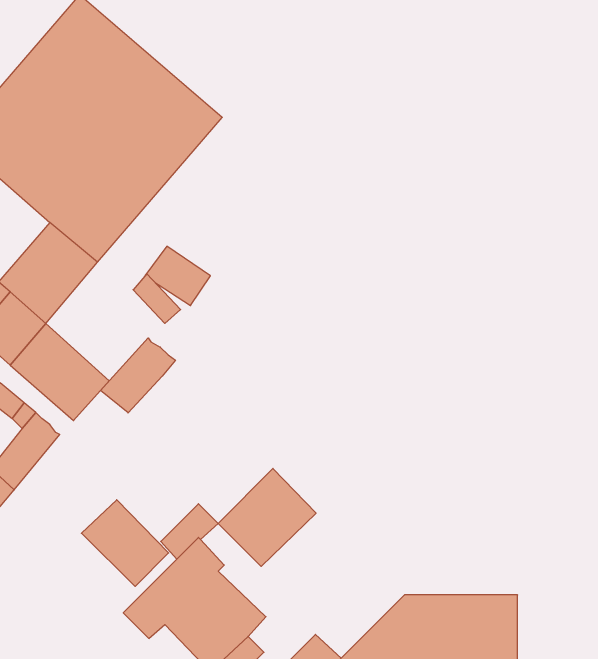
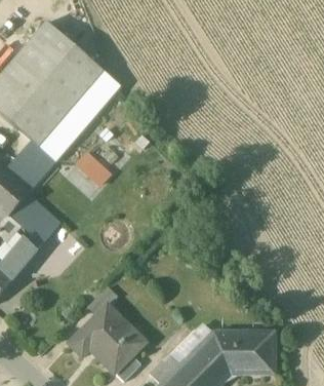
building: [101,338,175,413] -> none
building: [218,468,316,566] -> none
building: [81,500,169,586] -> none

